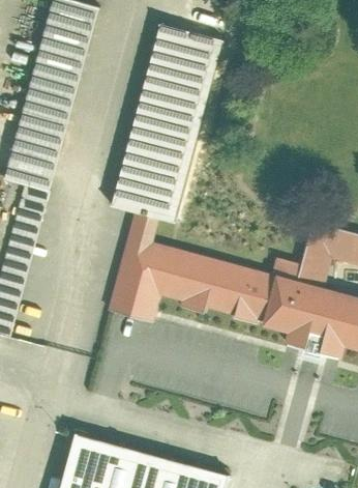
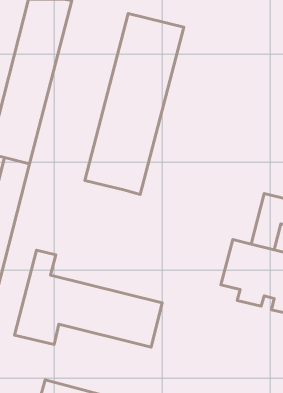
building: [109,214,274,323] -> [14,250,162,347]

